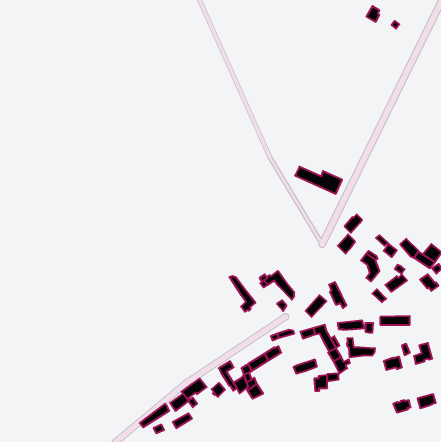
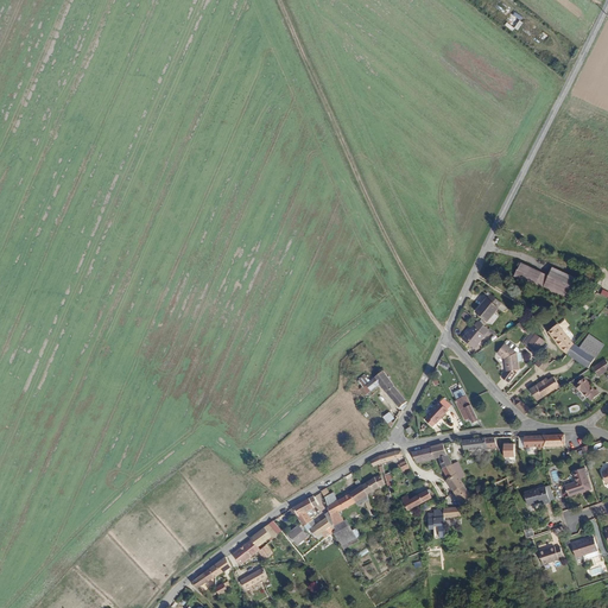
building: [295,167,342,194] -> [515,261,580,298]
building: [229,276,255,312] -> none
building: [347,338,375,357] -> none

